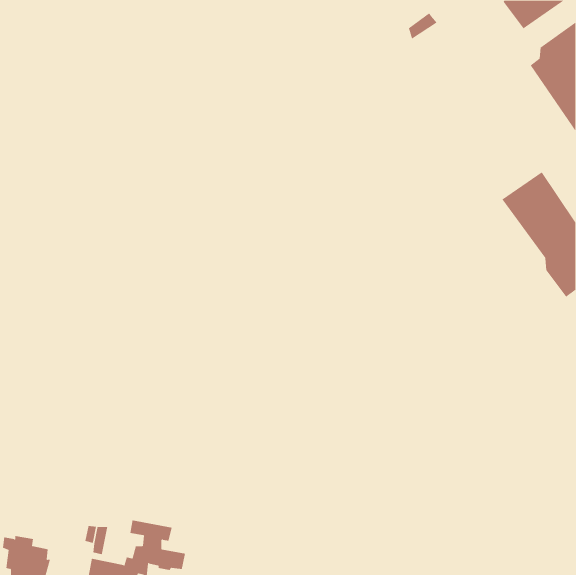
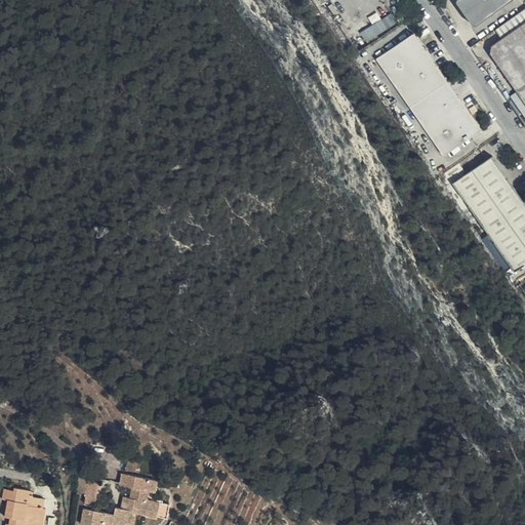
building: none -> [380,34,481,156]

